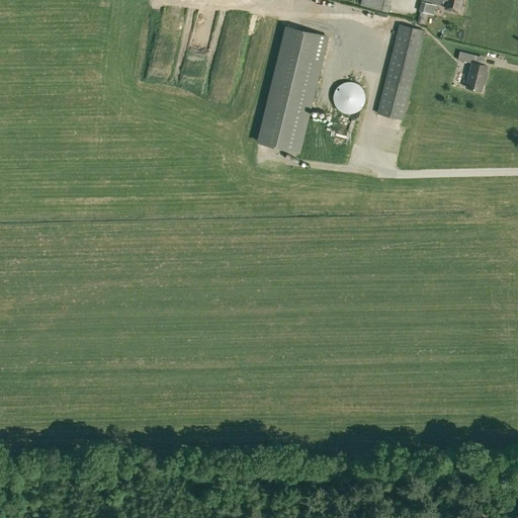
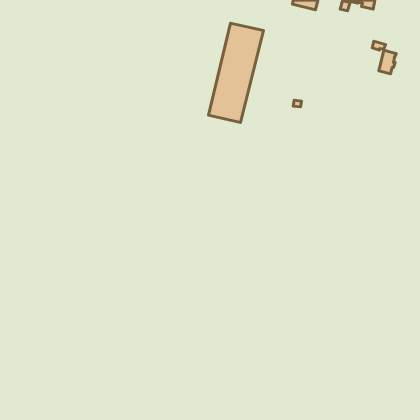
building: [378,25,424,119] -> none
building: [333,82,364,113] -> none

